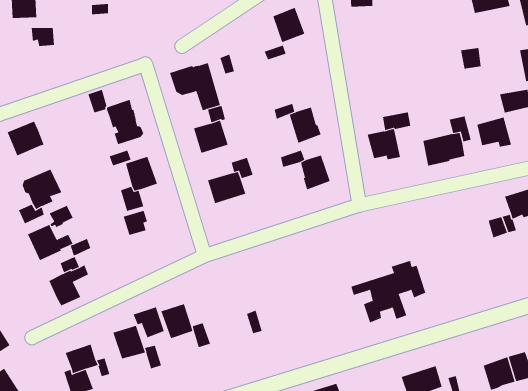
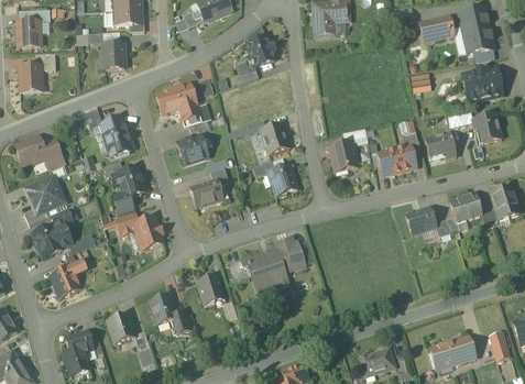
building: none -> [102,43,125,67]
building: none -> [20,64,51,90]
building: none -> [42,138,65,171]
building: none -> [406,207,436,233]
building: none -> [134,216,163,249]
building: [351,260,426,323] -> [240,235,306,290]
building: none -> [197,274,225,304]
building: [133,306,165,338] -> none

